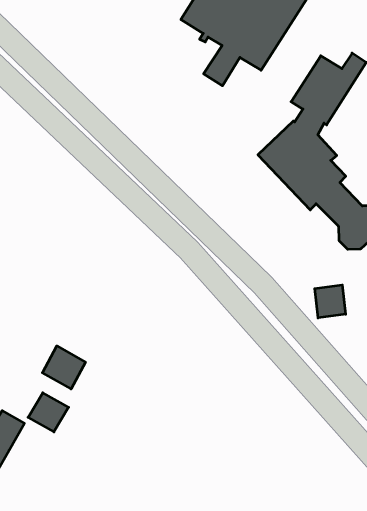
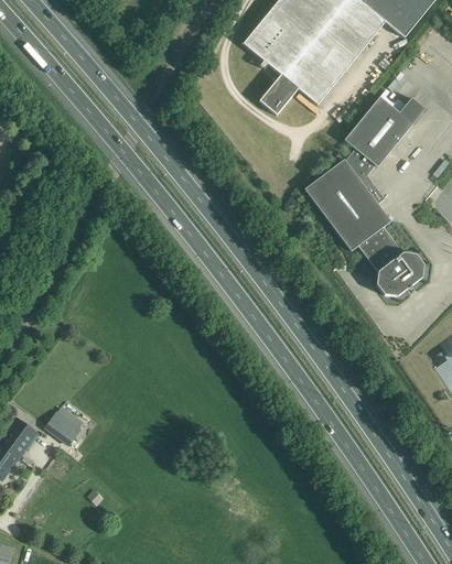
building: [315,285,346,318] -> none
building: [42,346,85,389] -> none

